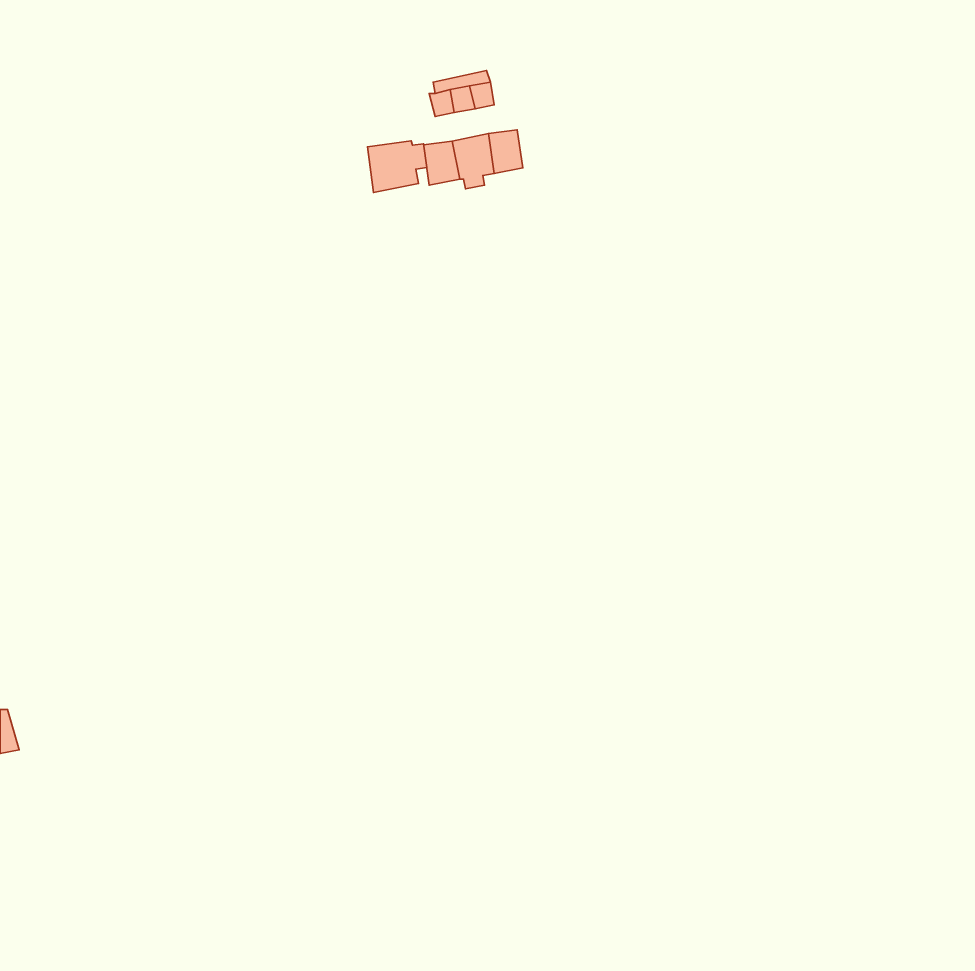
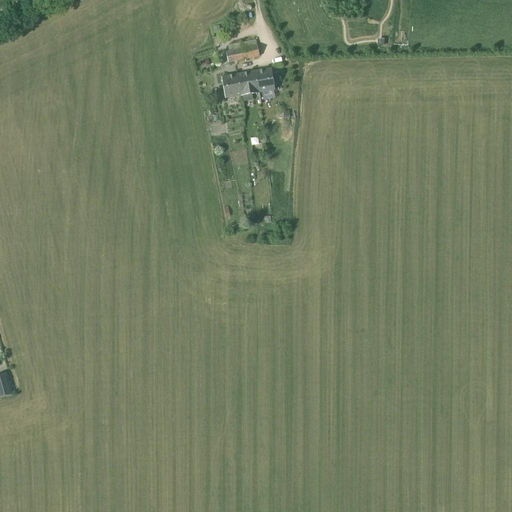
building: [367,141,427,193] -> none

